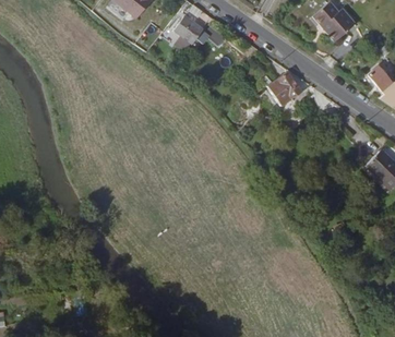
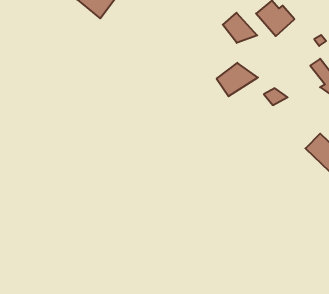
building: none -> [223,13,257,43]
building: [167,19,204,56] -> none

